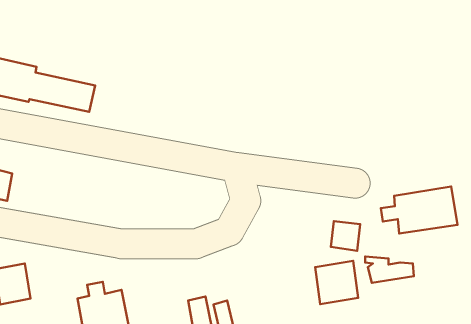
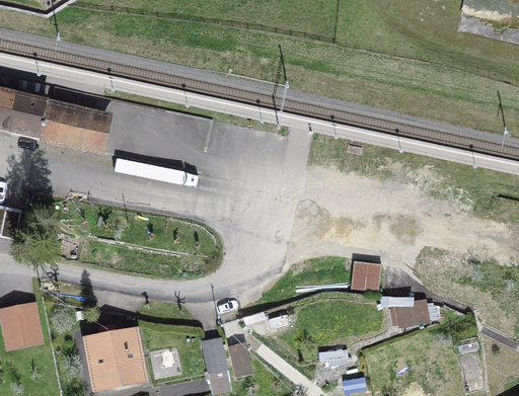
building: [381,186,457,234] -> none
building: [315,261,358,304] -> none

